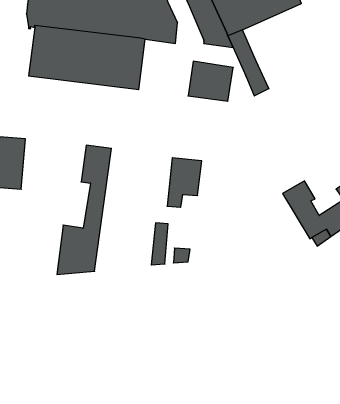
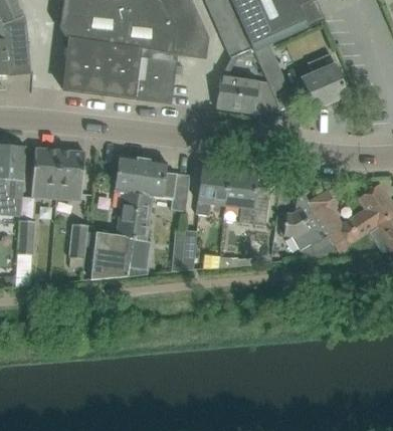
building: none -> [301,53,348,110]
building: none -> [56,150,85,200]
building: none -> [127,159,190,276]
building: none -> [225,171,269,225]
building: none -> [283,194,338,258]
building: none -> [68,223,87,268]

